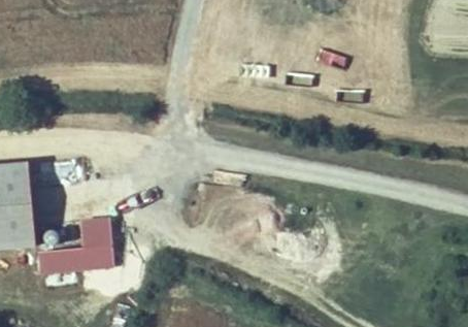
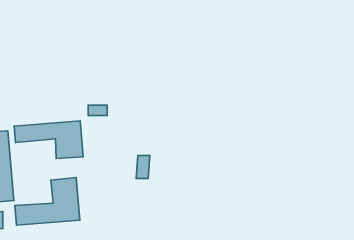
building: none -> [14,121,83,158]

